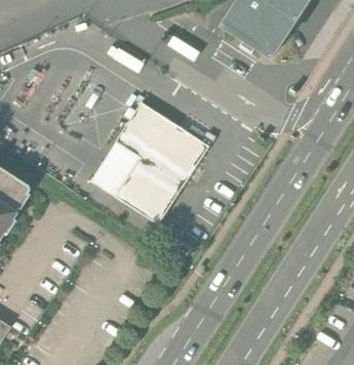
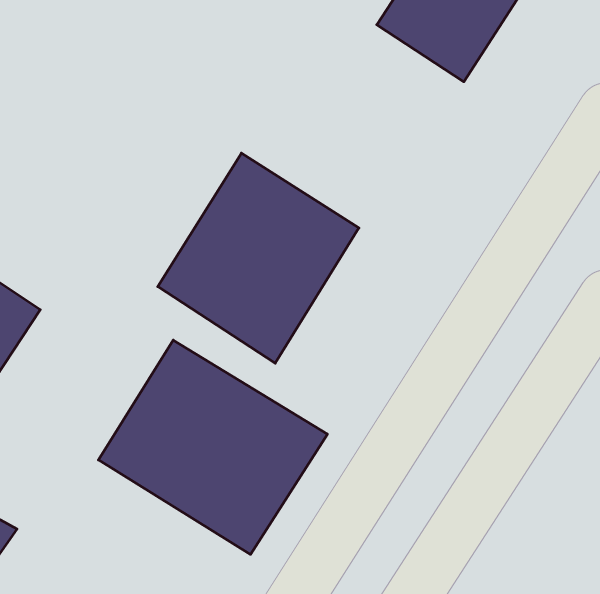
building: none -> [98,340,327,554]

